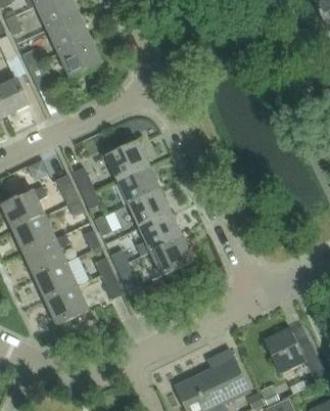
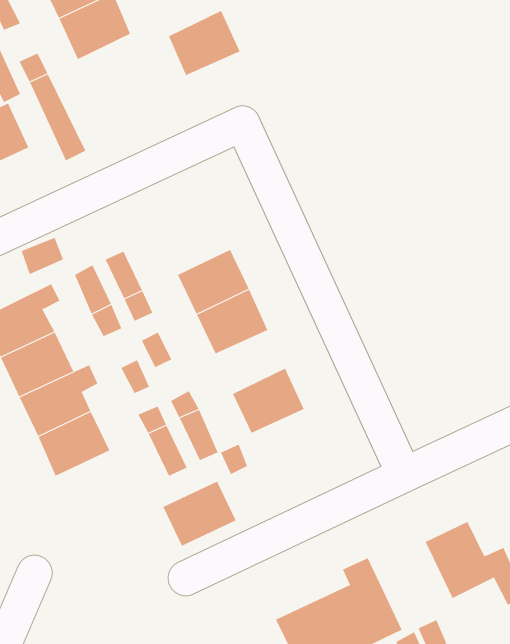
building: [57,37,100,76] -> [168,10,240,76]
building: [105,141,148,180] -> none
building: [135,213,181,255] -> none
building: [44,284,88,323] -> [163,481,236,546]

